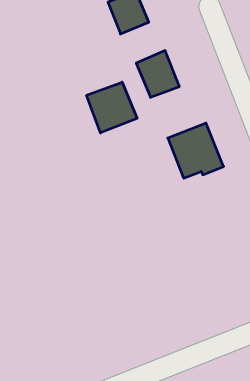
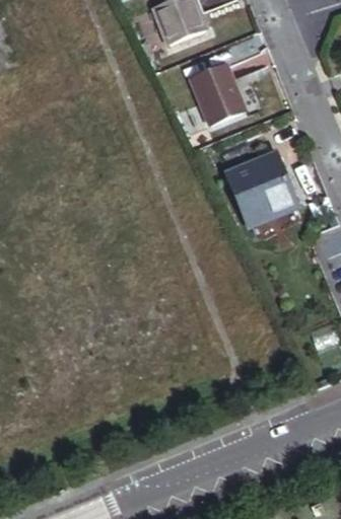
building: [87,82,137,133] -> none

